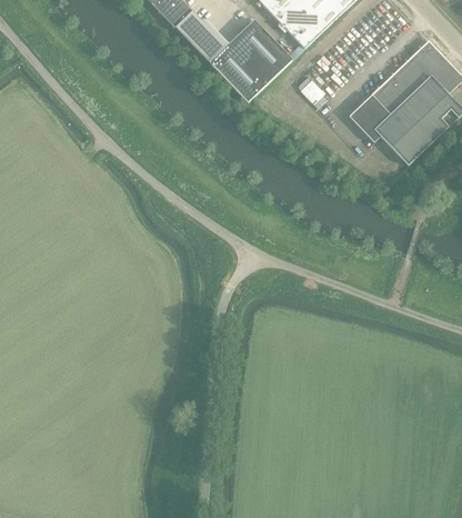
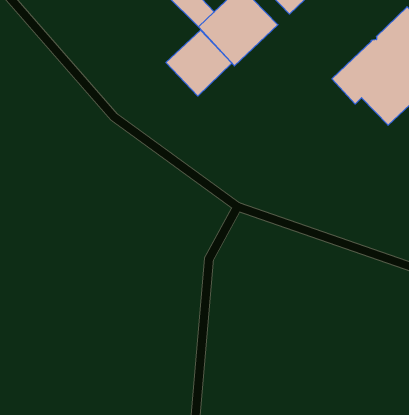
building: none -> [166,30,232,96]

